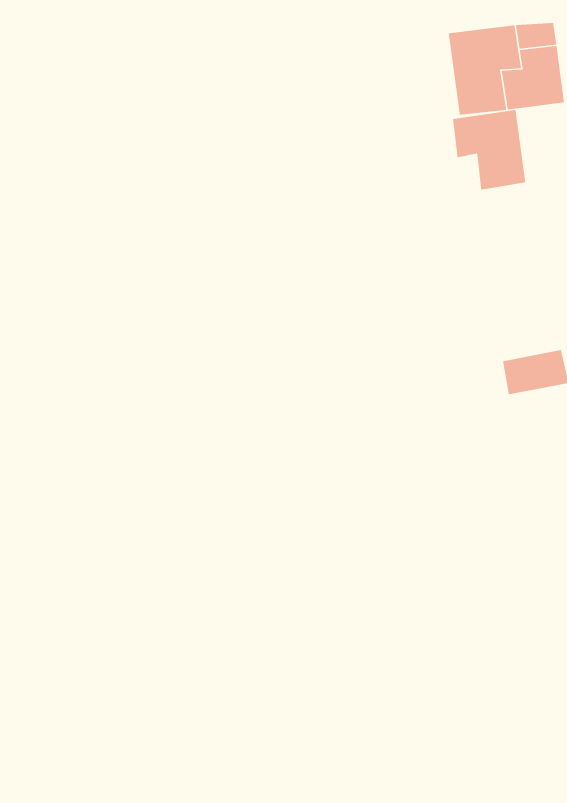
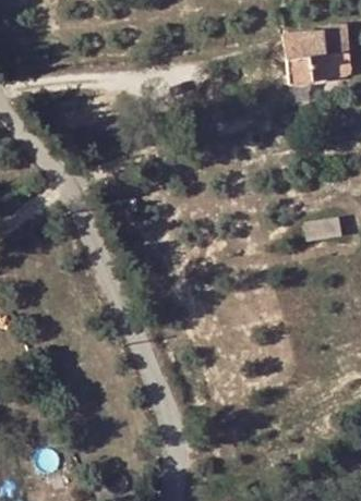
building: [452,109,526,190] -> none

